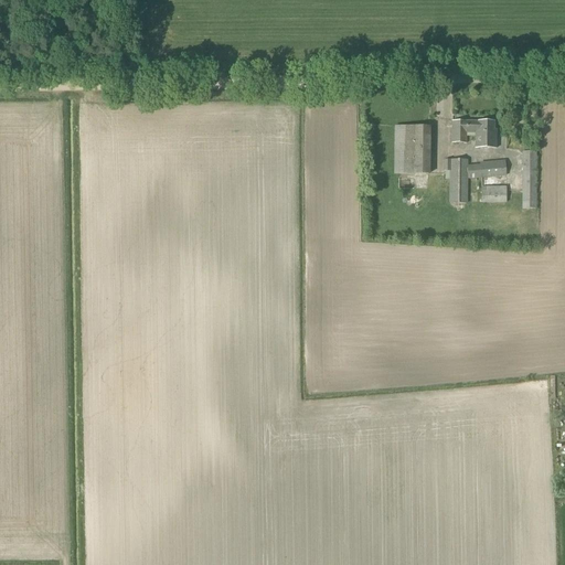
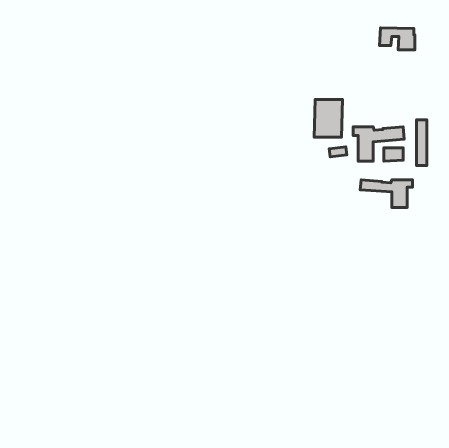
building: [452,119,497,147] -> [380,28,415,50]
building: none -> [360,180,412,208]

